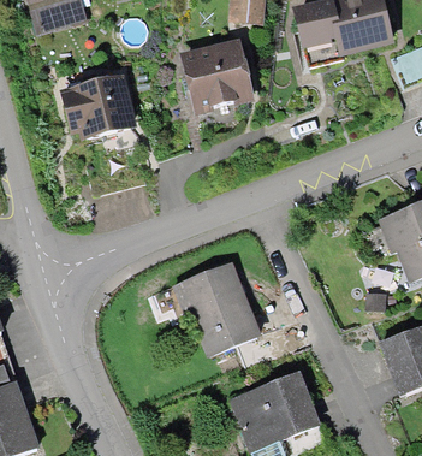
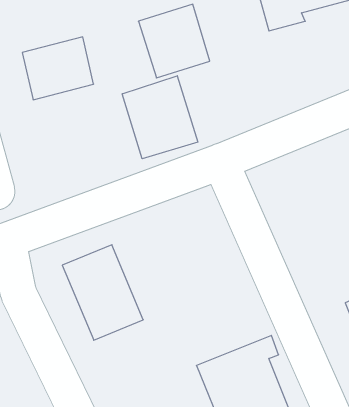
building: none -> [122,76,198,159]
building: [179,261,260,356] -> [62,245,143,340]

